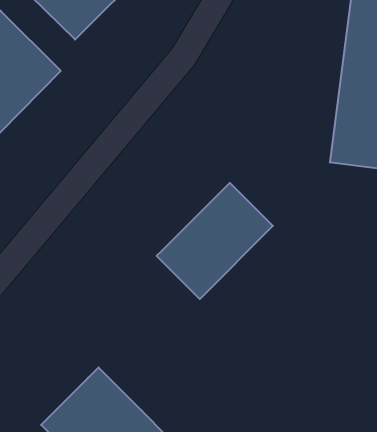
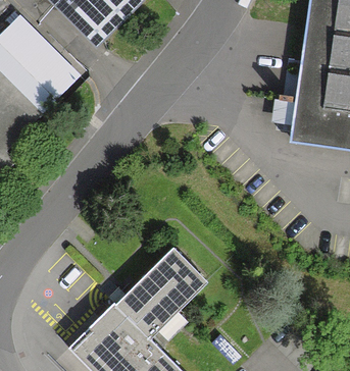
building: [157,183,273,299] -> [113,245,204,335]

